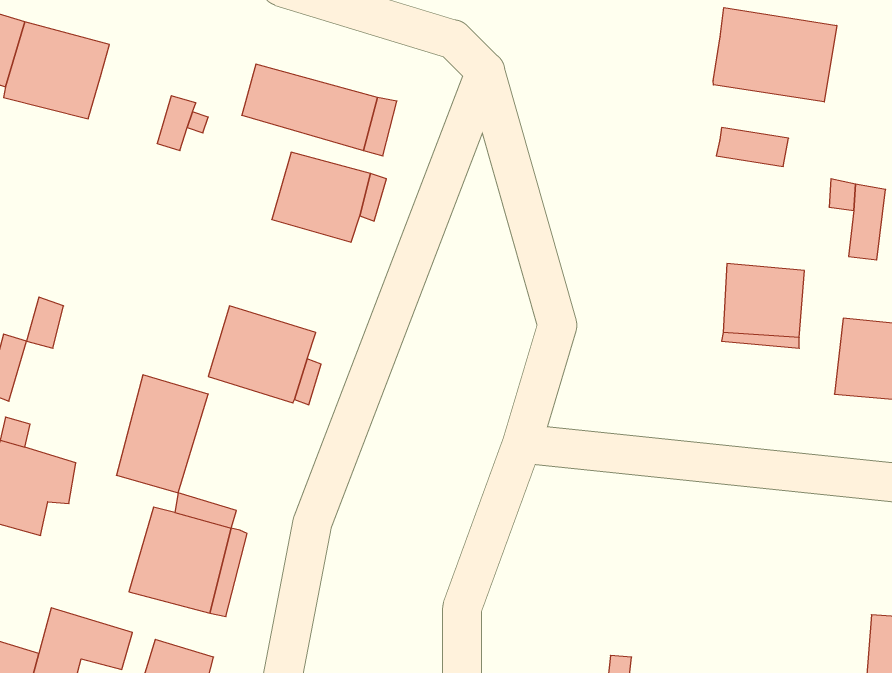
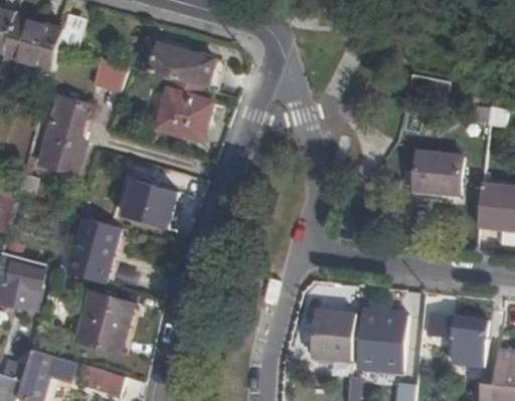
building: [713,8,837,102] -> none
building: none -> [38,95,85,173]
building: none -> [358,309,407,370]
building: none -> [314,311,355,361]
building: none -> [428,313,489,365]

